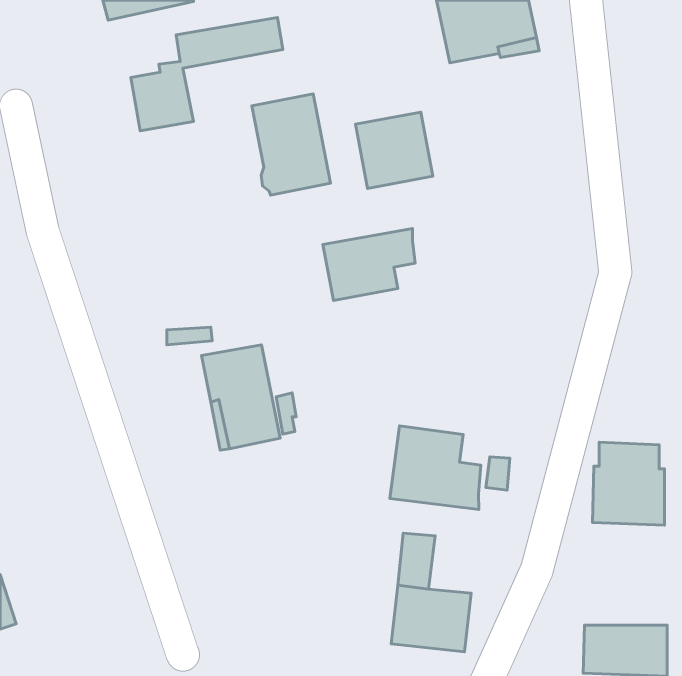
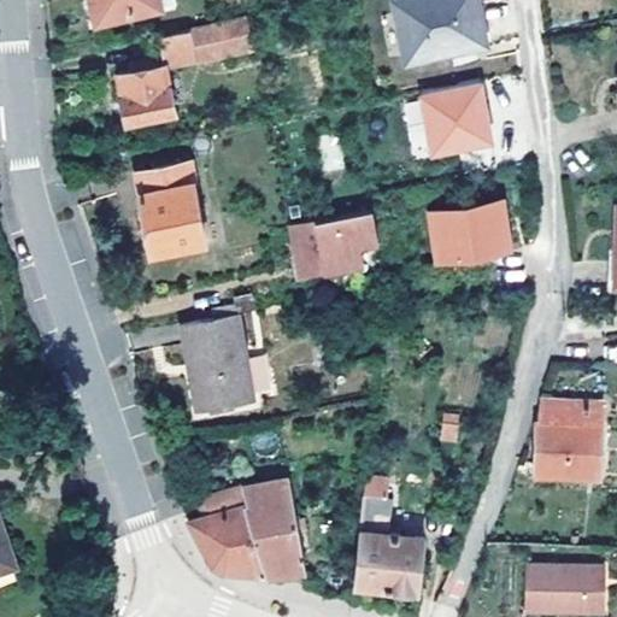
building: [252,94,331,195] -> [135,164,206,255]
building: [356,112,433,188] -> [425,83,495,152]
building: none -> [430,204,509,263]
building: [390,426,481,510] -> none
building: none -> [187,482,306,581]

